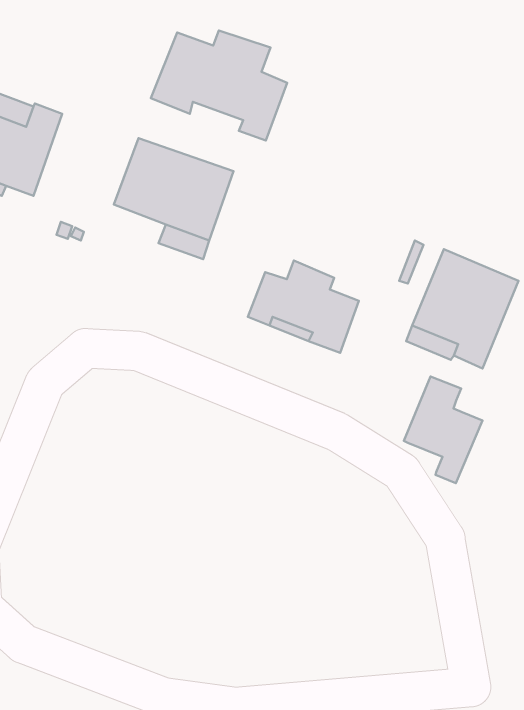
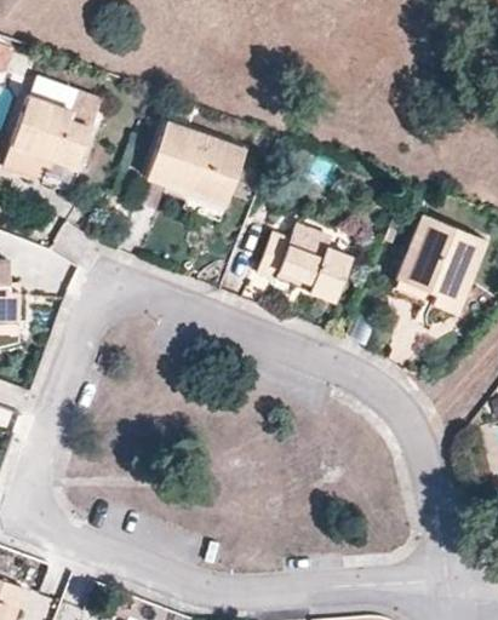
building: [151,31,287,141] -> none
building: [404,377,483,483] -> none

